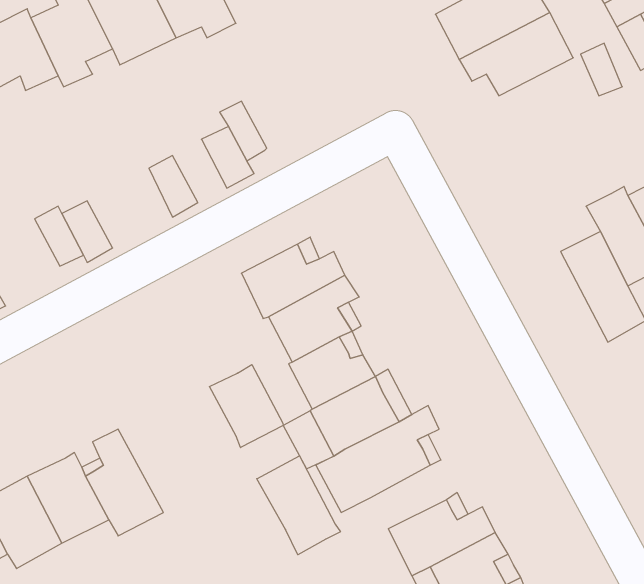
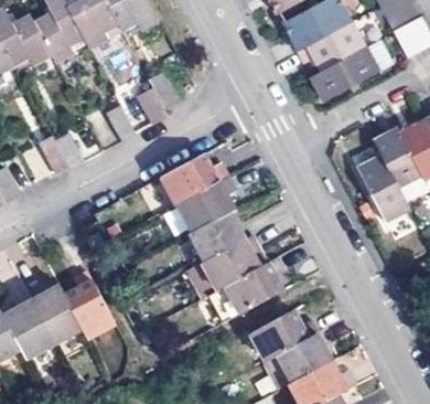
building: none -> [309,45,376,97]
building: [209,365,283,448] -> none
building: [257,456,340,555] -> none

